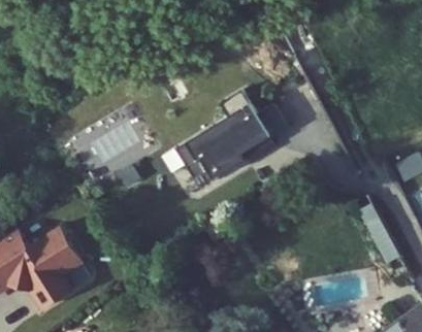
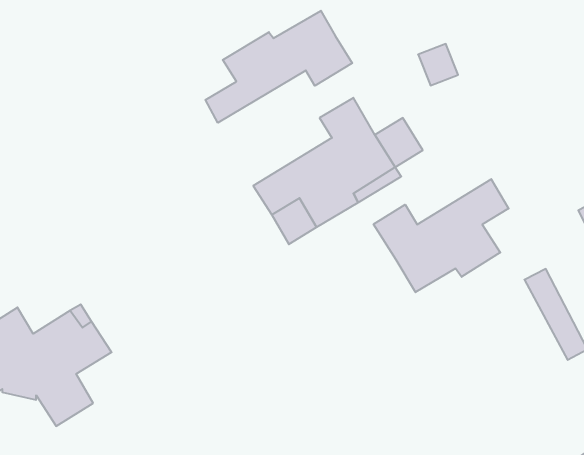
building: none -> [205,11,352,123]
building: none -> [374,179,509,292]

